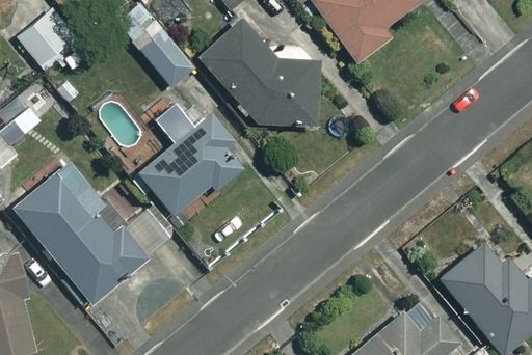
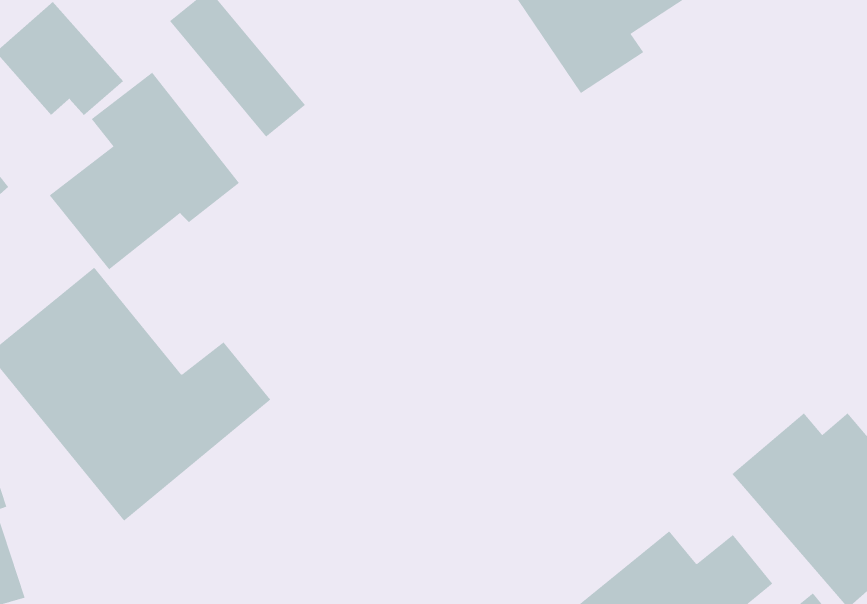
building: [197,21,317,125] -> none
building: [138,102,247,215] -> [49,72,240,270]

